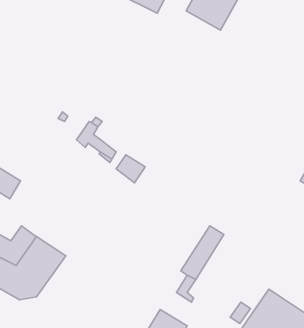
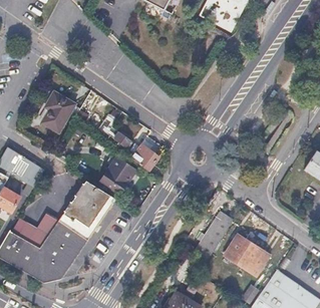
building: none -> [40,93,74,135]
building: none -> [100,156,136,193]
building: none -> [57,181,116,240]
building: none -> [226,234,270,274]

